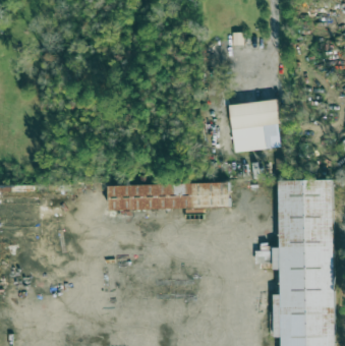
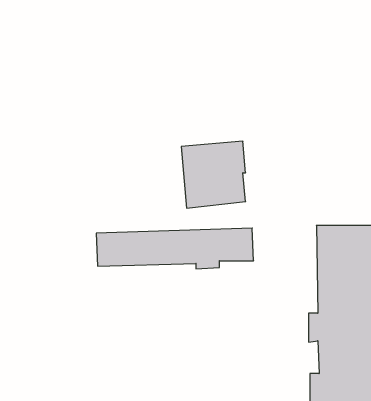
building: [230,100,280,152] -> [181,141,246,208]

